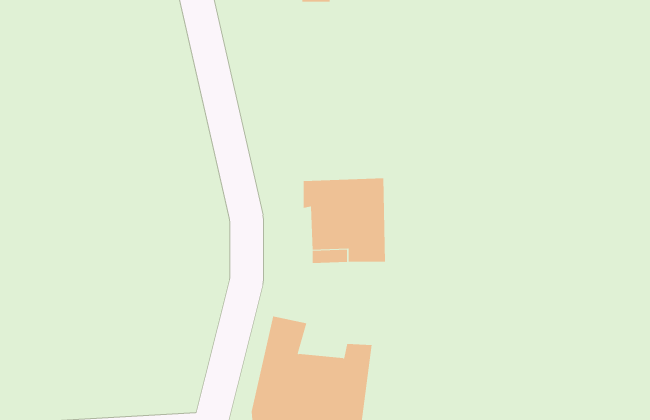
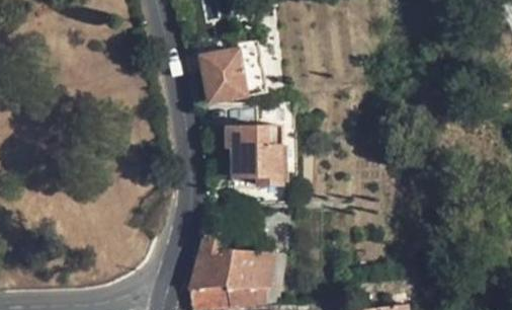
building: none -> [199,41,266,103]

